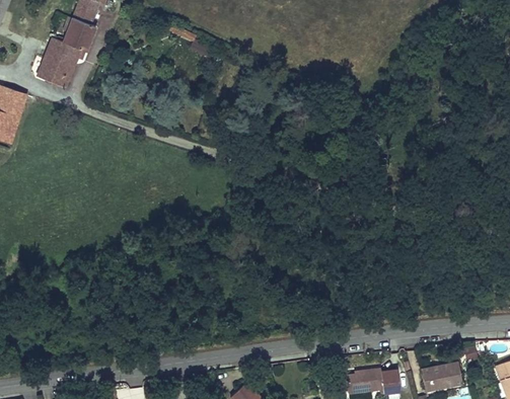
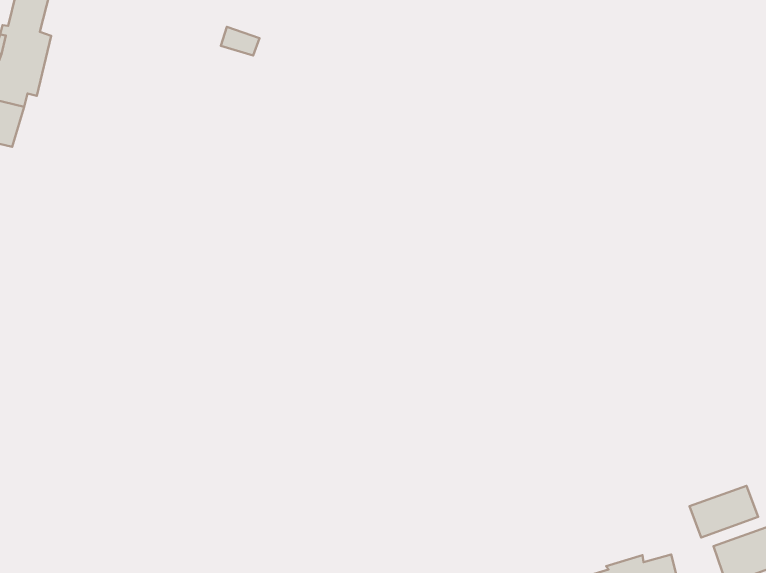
building: none -> [690,486,758,537]

